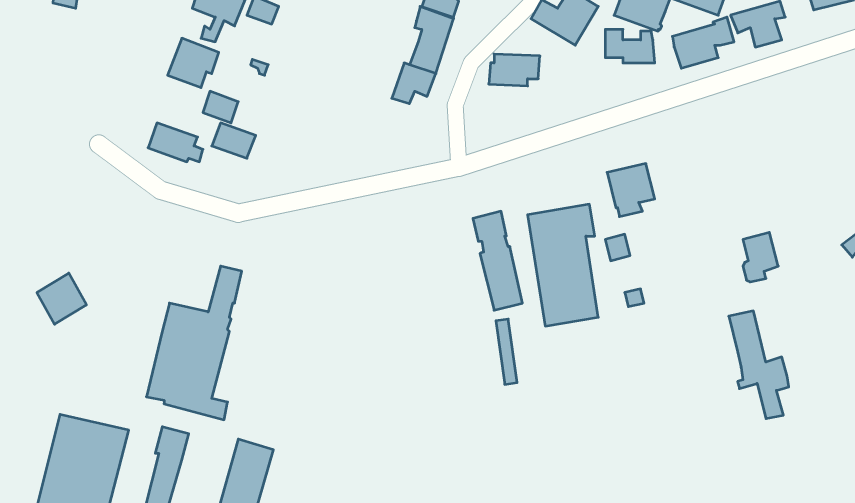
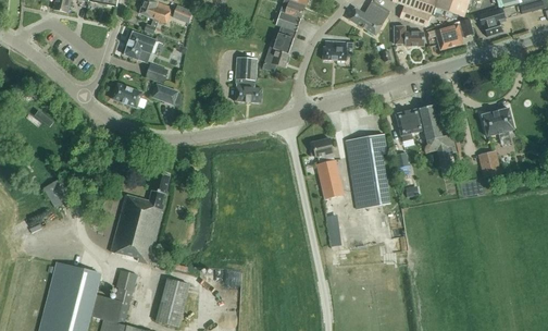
building: none -> [235,58,262,102]
building: none -> [481,108,514,144]
building: [729,311,789,419] -> [419,105,456,171]

